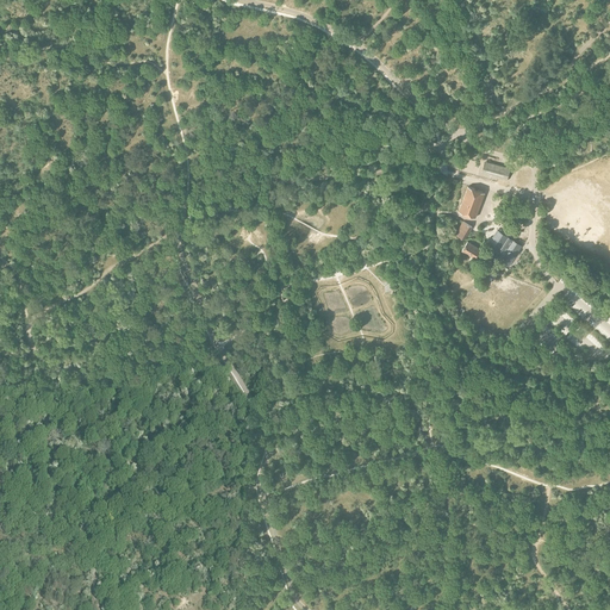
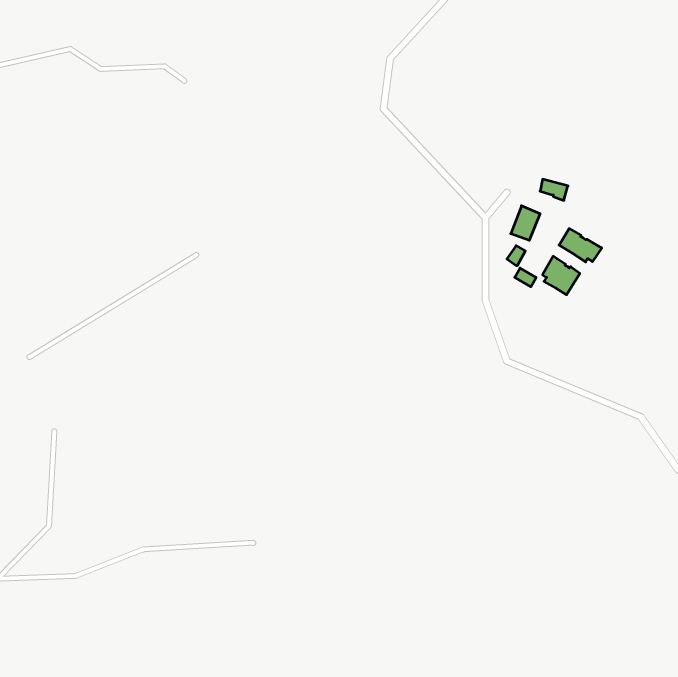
building: none -> [559,229,602,262]

